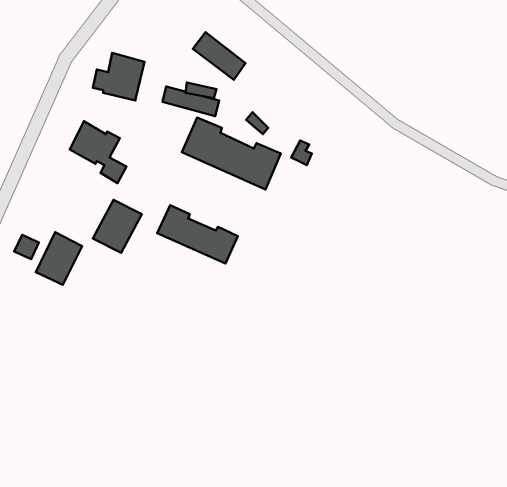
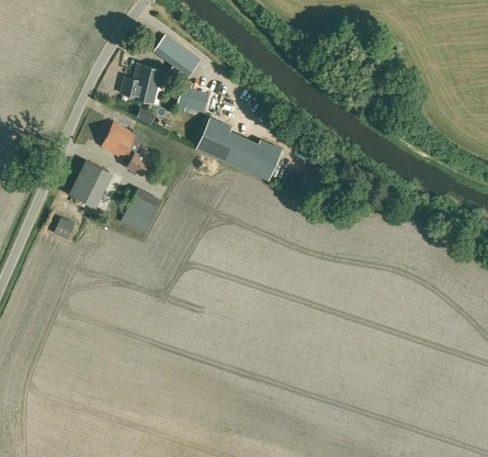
building: [193,32,246,80] -> [154,35,198,76]
building: [157,205,238,263] -> none
building: [36,232,82,285] -> [69,160,109,205]

